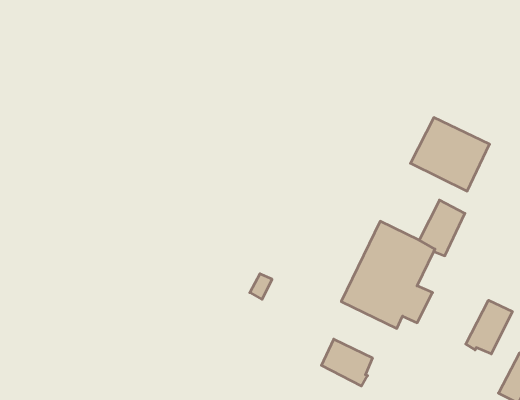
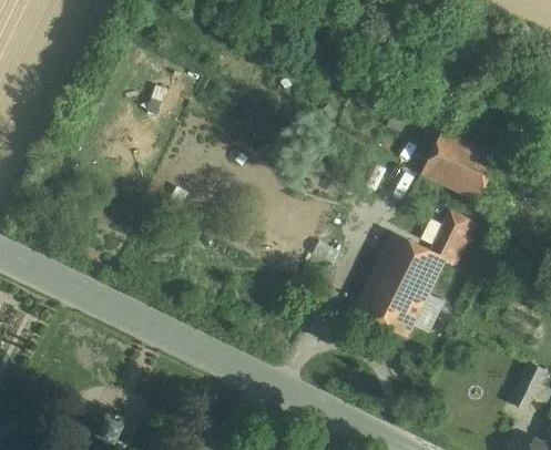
building: [466,300,512,354] -> none
building: [321,339,372,386] -> none

